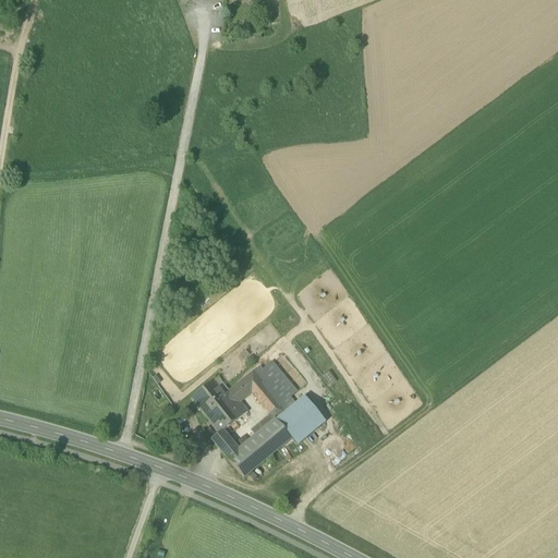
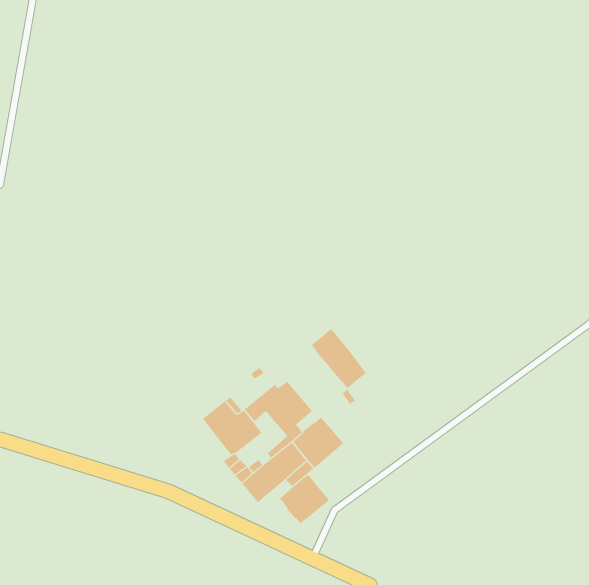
building: none -> [311,328,367,389]
building: none -> [279,474,330,525]

